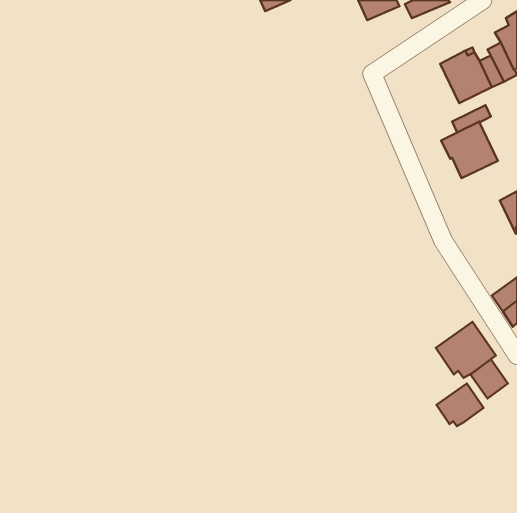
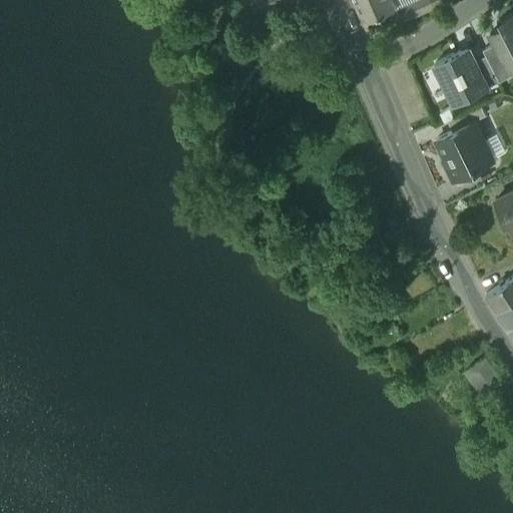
building: [436,322,496,378] -> none
building: [437,383,484,426] -> none

